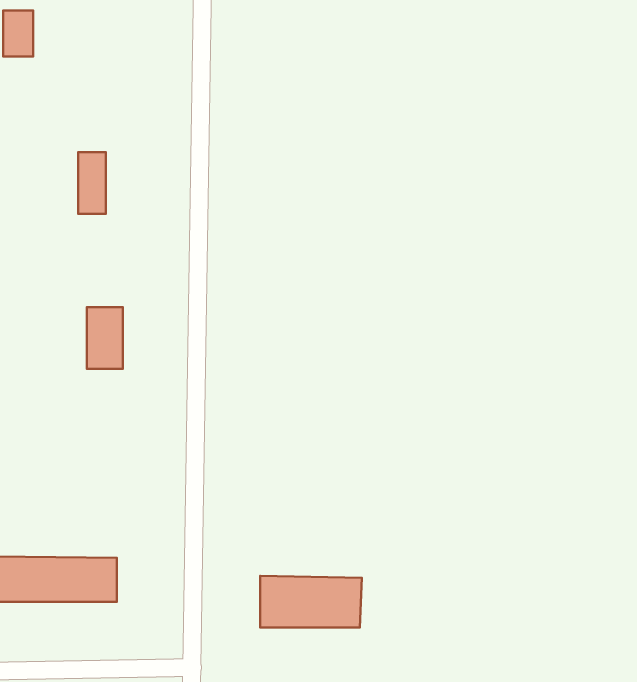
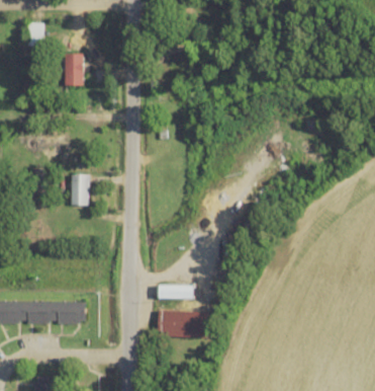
building: [78,152,106,214] -> [69,54,83,85]
building: none -> [159,284,195,302]

